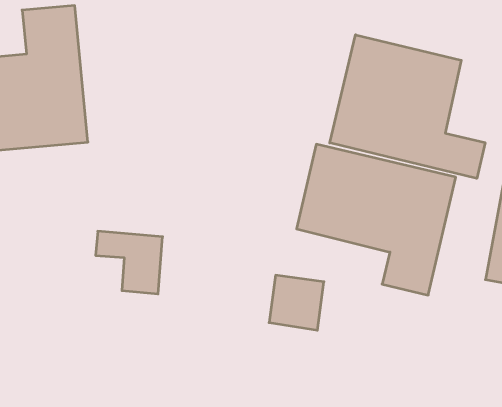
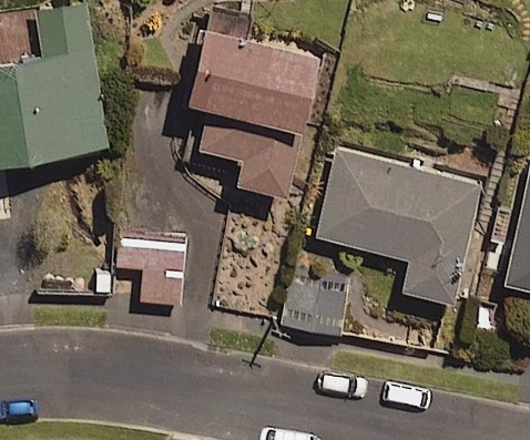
building: none -> [186,31,320,197]
building: [330,35,485,178] -> none

